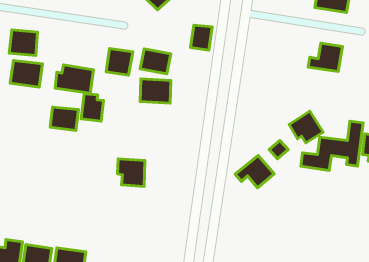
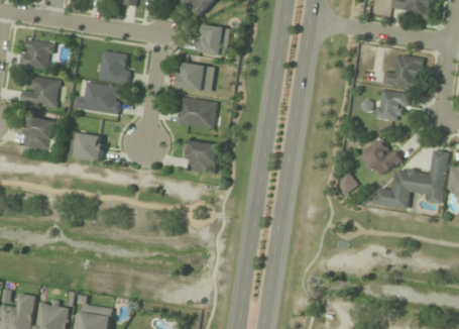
building: [190,25,212,50] -> [198,24,224,54]
building: [106,49,133,75] -> [98,50,130,83]
building: none -> [375,89,409,121]
building: none -> [22,116,65,152]
building: [81,94,103,121] -> none
building: [235,155,274,188] -> none
building: [117,159,145,186] -> [183,140,216,174]

